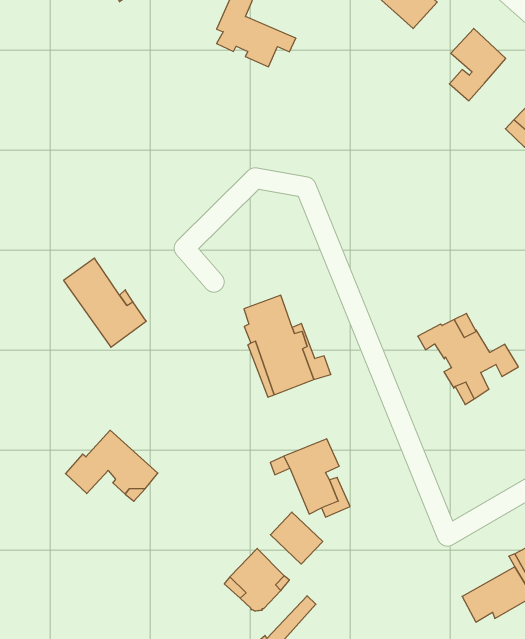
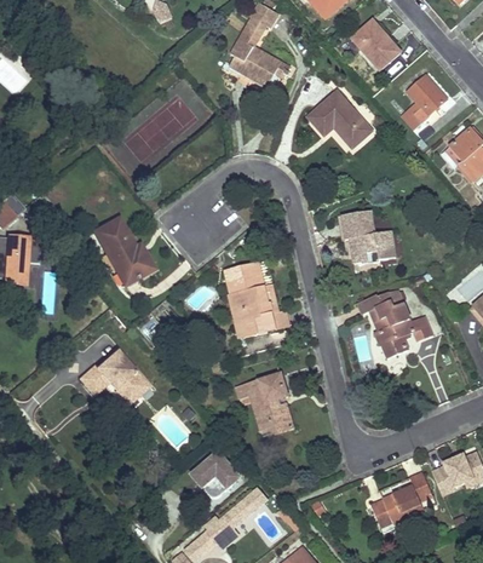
building: none -> [307,92,370,147]
building: none -> [341,209,395,264]
building: [270,512,323,564] -> none

